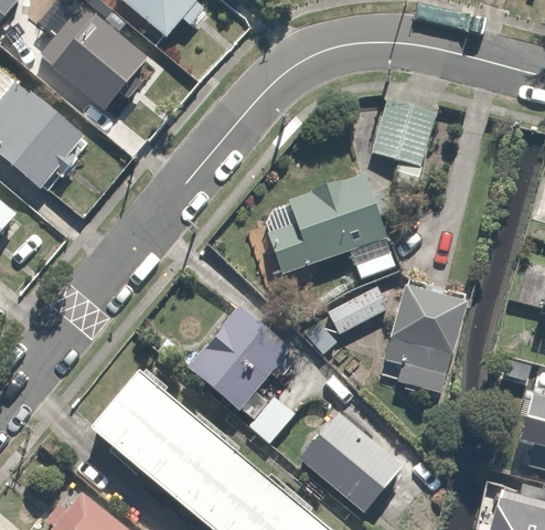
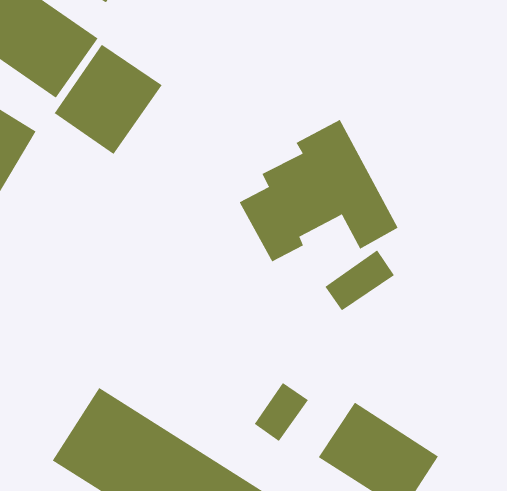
building: none -> [54,44,163,155]
building: [372,97,434,166] -> none
building: [383,277,463,393] -> none
building: [186,297,307,404] -> none

